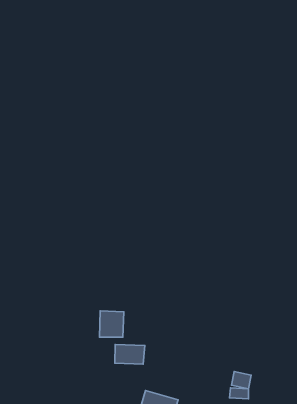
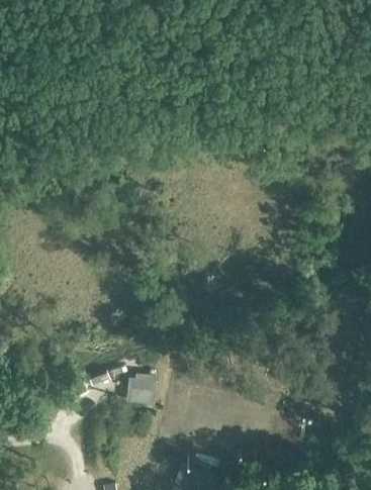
building: [115,345,145,364] -> none

